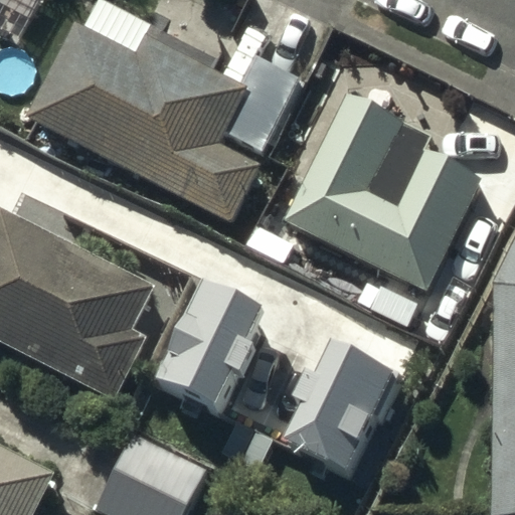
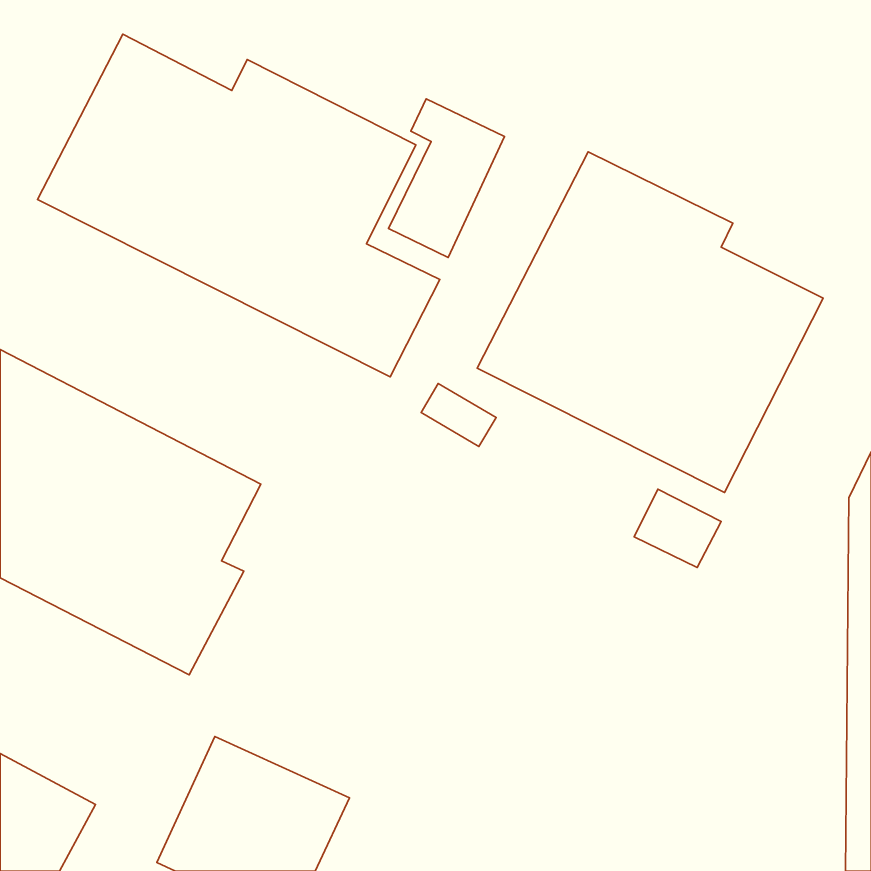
building: [153,279,271,411] -> none
building: [284,340,393,471] -> none

